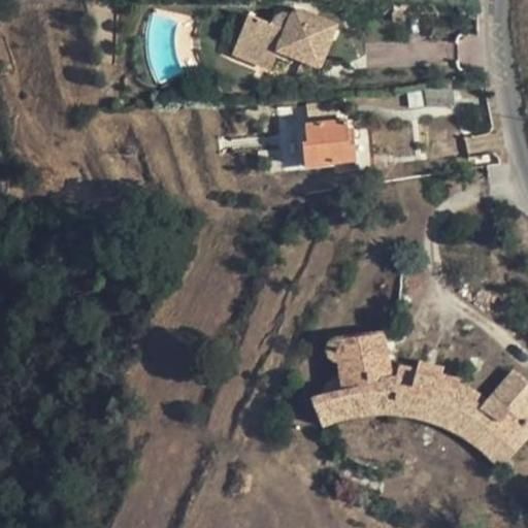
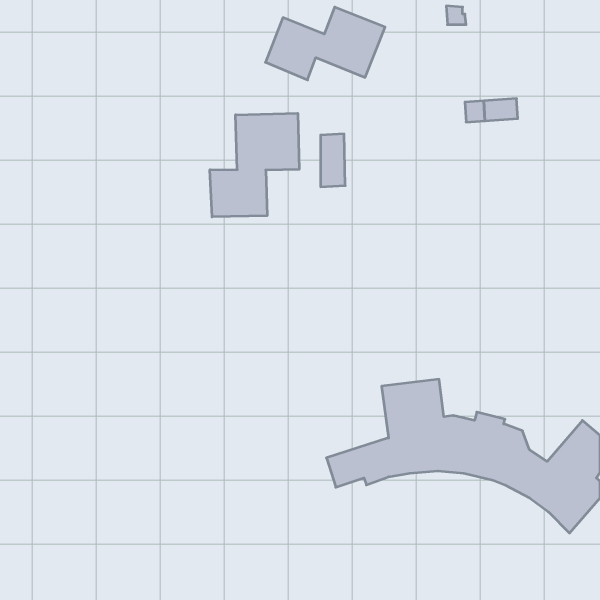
building: none -> [210,113,299,217]
building: [304,120,355,166] -> none

